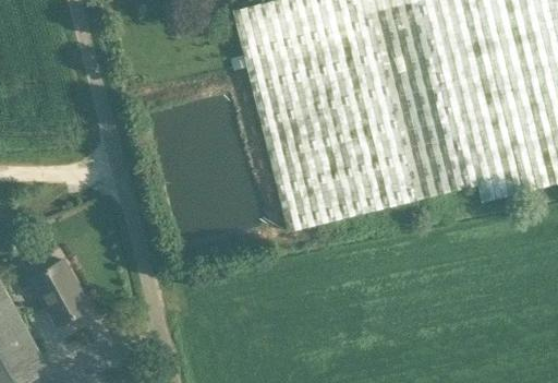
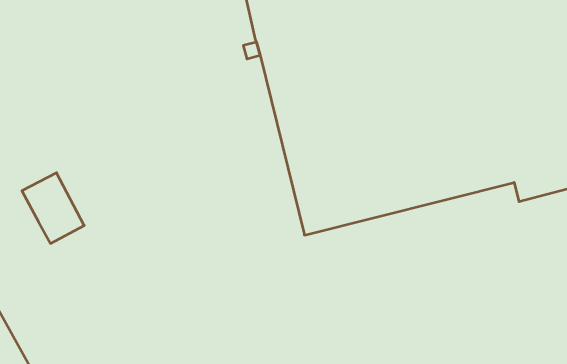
building: [31,260,87,324] -> [22,173,84,243]

